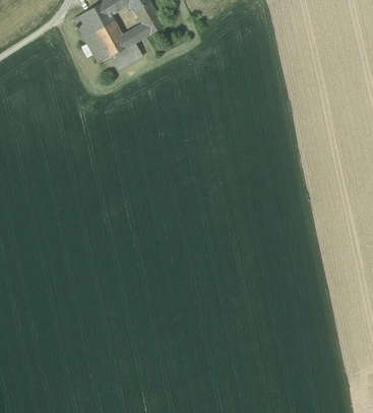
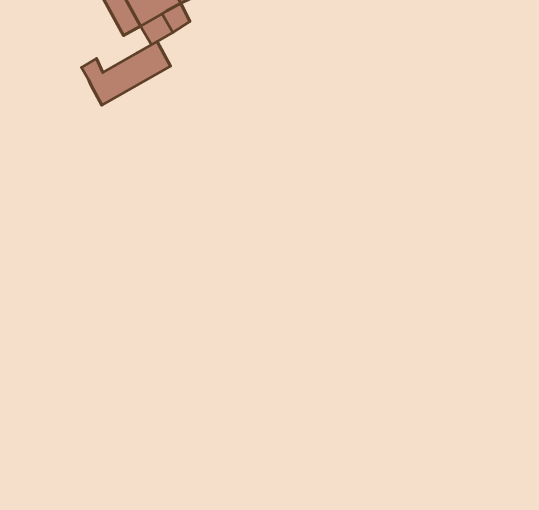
building: none -> [82,41,170,105]

